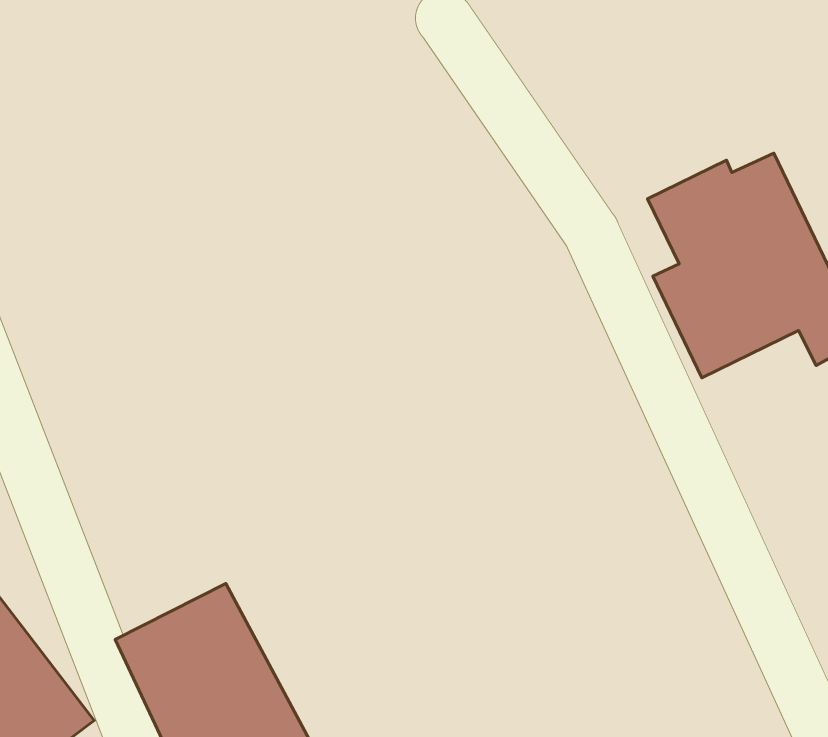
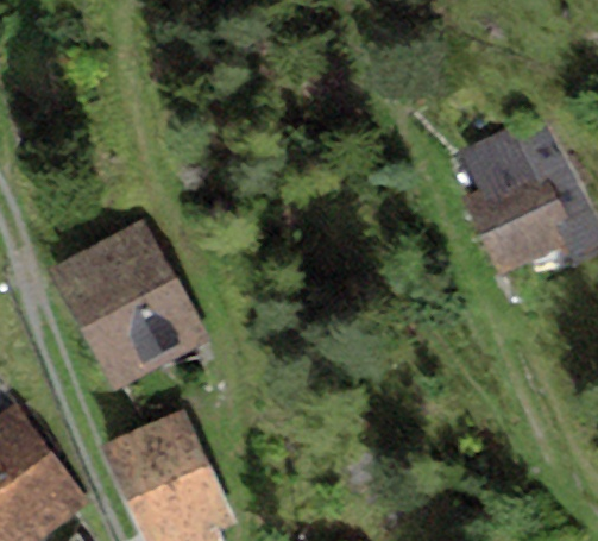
building: none -> [48,221,204,388]

